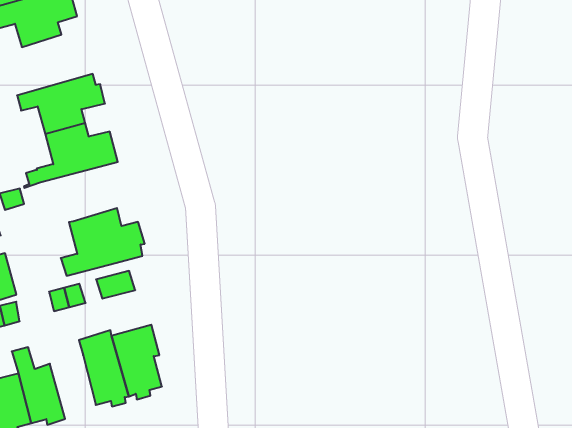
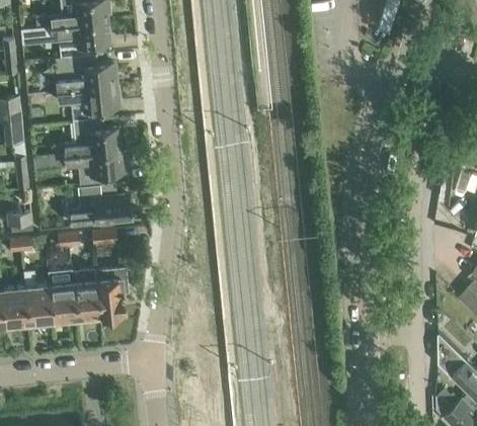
building: none -> [57,55,115,92]
building: none -> [64,151,125,187]
building: none -> [48,269,76,325]

